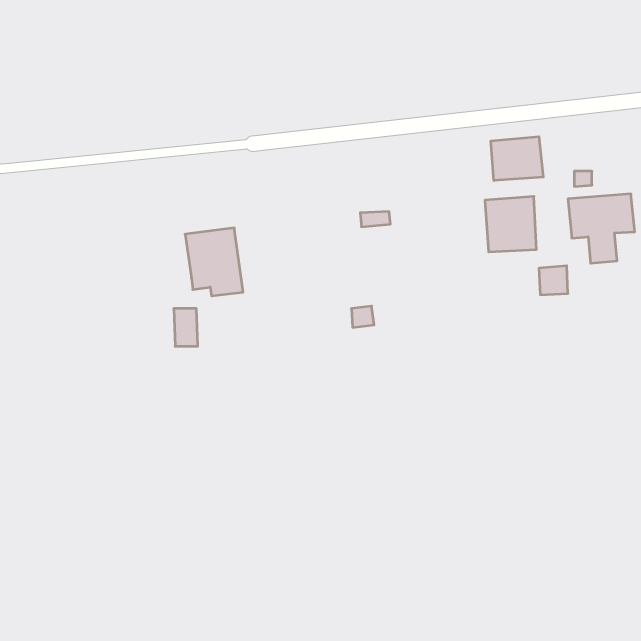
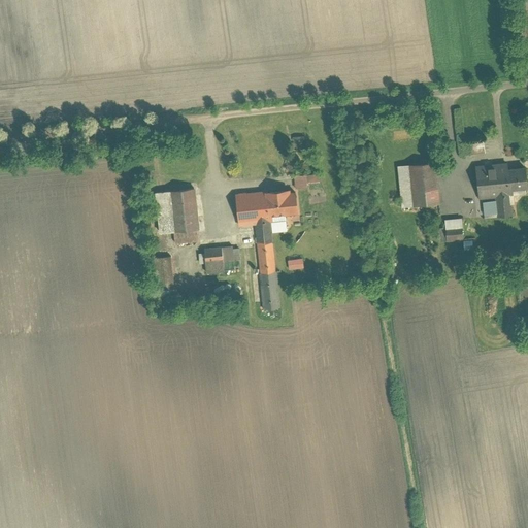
building: [491,137,543,181] -> none
building: none -> [234,190,302,309]
building: none -> [196,248,234,276]

